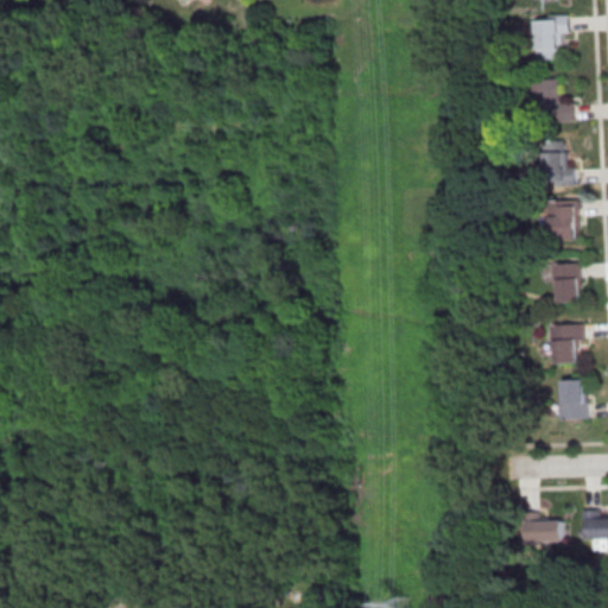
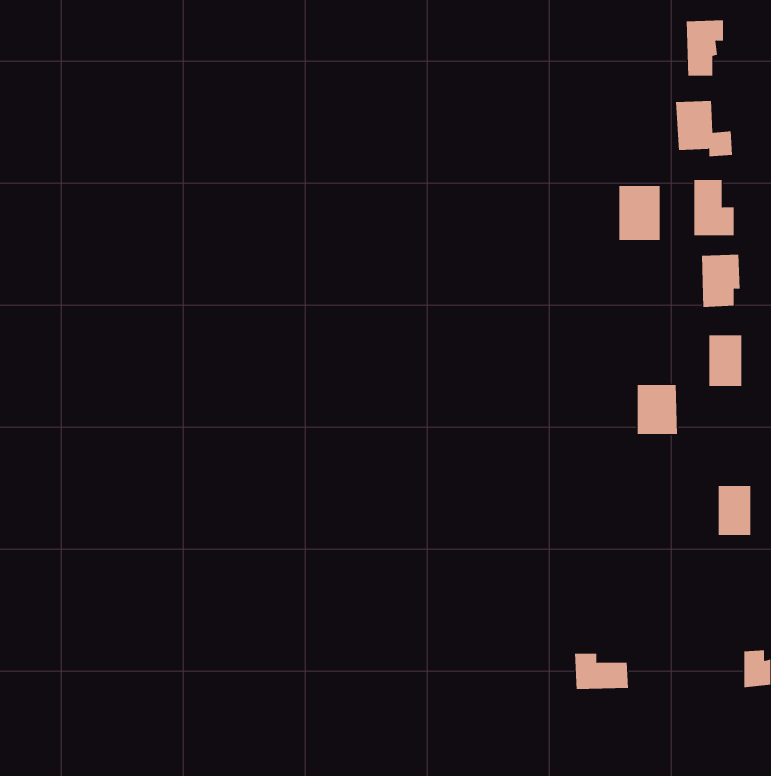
building: none -> [619,185,660,241]
building: [550,324,582,363] -> [637,384,678,435]
building: [519,512,562,540] -> [574,653,629,690]

